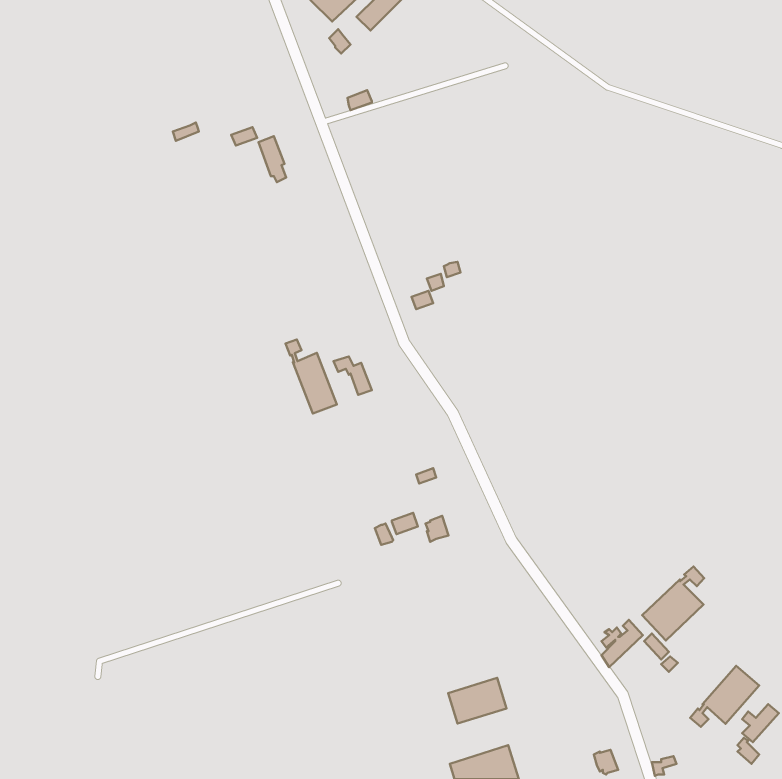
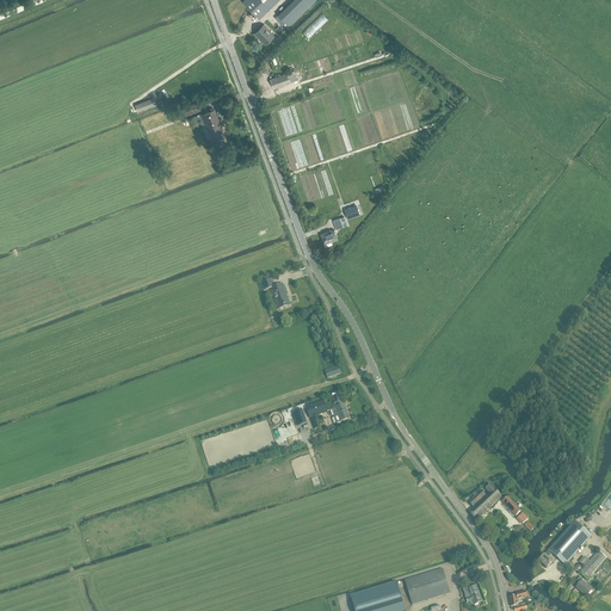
building: [286,339,337,413] -> none
building: [642,566,704,640] -> none
building: [448,678,506,724] -> [405,567,450,603]

